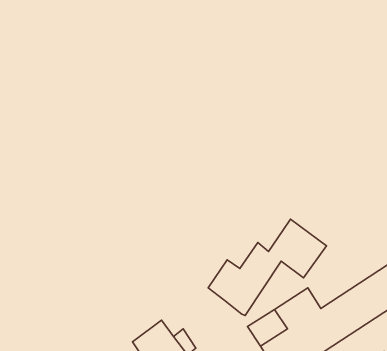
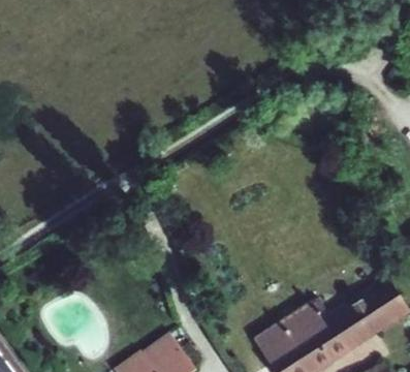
building: [208,219,326,315] -> none

